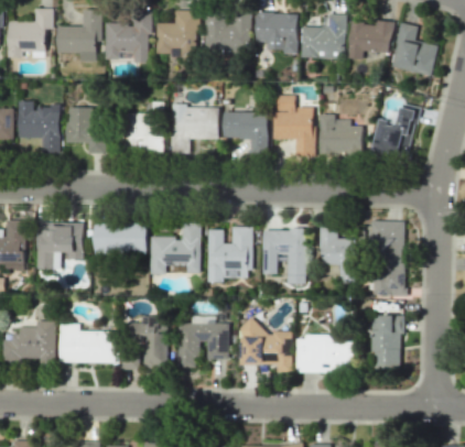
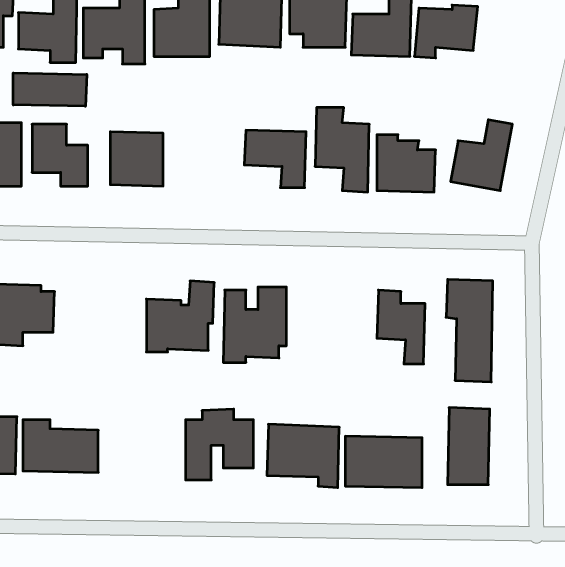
building: [391,23,437,76] -> none
building: none -> [13,73,87,106]
building: [171,106,218,154] -> none
building: [95,222,147,254] -> none
building: [263,228,307,283] -> none
building: [130,317,165,369] -> none

